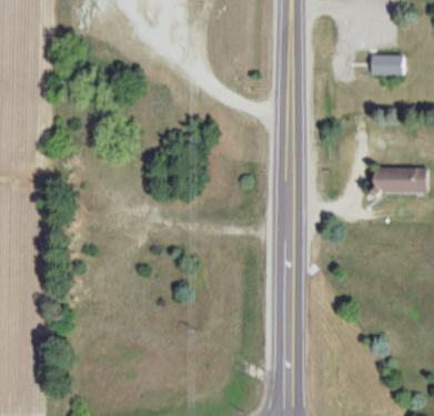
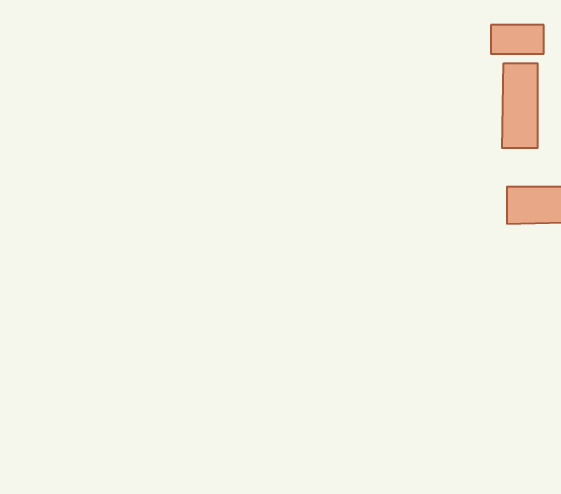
building: none -> [502,63,538,148]

